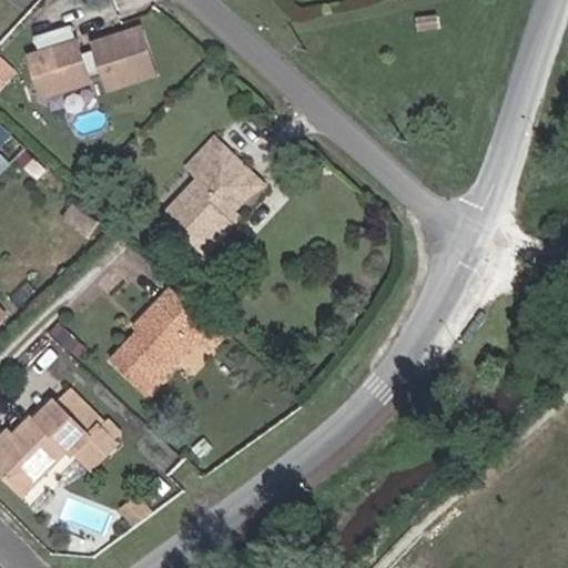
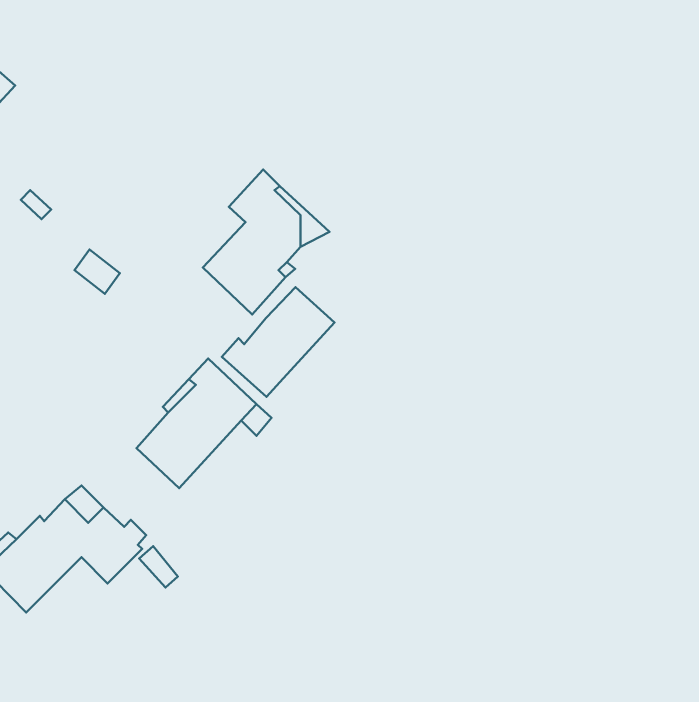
building: [29,24,154,95] -> none
building: none -> [222,287,335,397]

